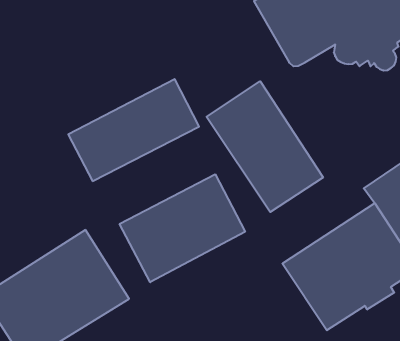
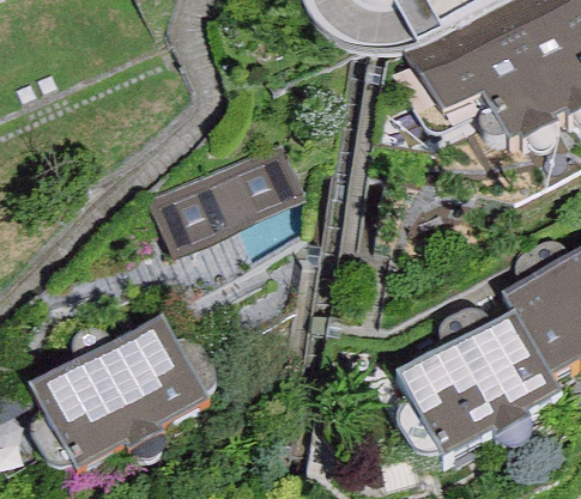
building: [207,81,323,212] -> none
building: [120,174,245,282] -> none

